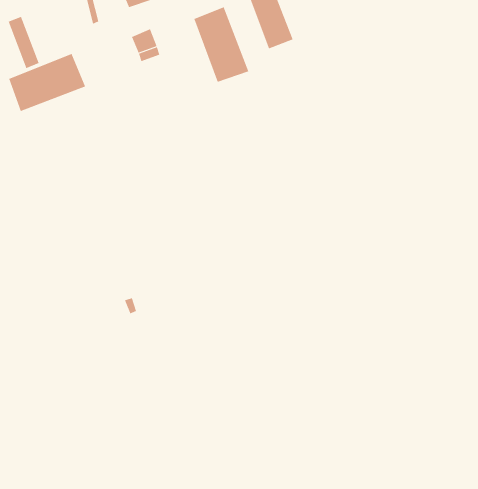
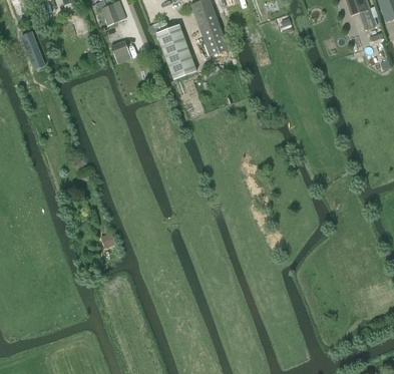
building: [8,53,86,112] -> none

